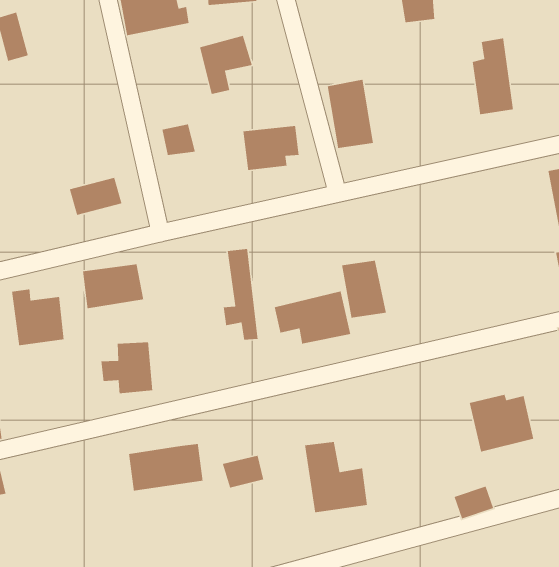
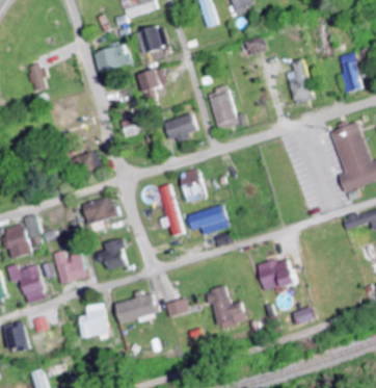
building: [341,260,387,318] -> [179,169,206,202]
building: [11,289,64,346] -> [52,251,83,283]
building: [469,394,534,452] -> [259,259,296,292]
building: none -> [77,303,107,339]

